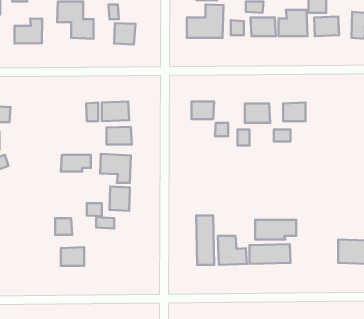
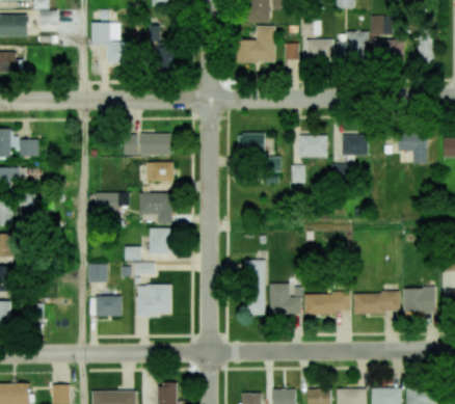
building: [15,18,42,43] -> none
building: none -> [399,133,428,164]
building: [255,220,296,240] -> [354,293,400,315]
building: none -> [137,285,172,316]

